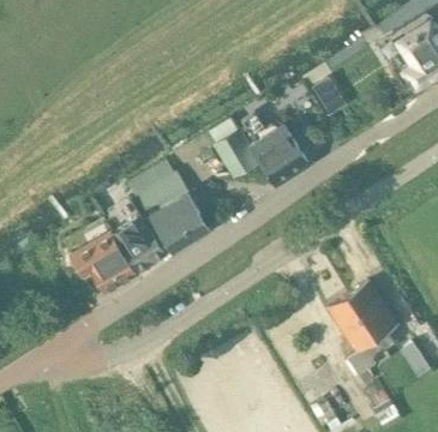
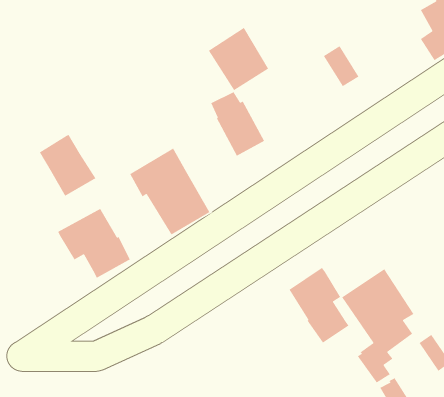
building: [250,124,306,182] -> [208,27,269,91]
building: [112,211,164,269] -> [39,134,96,197]
building: none -> [289,267,350,344]

